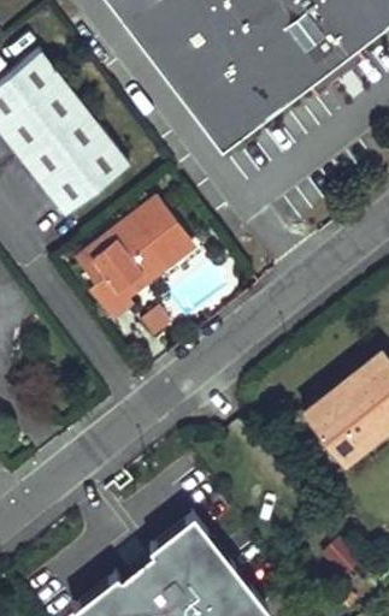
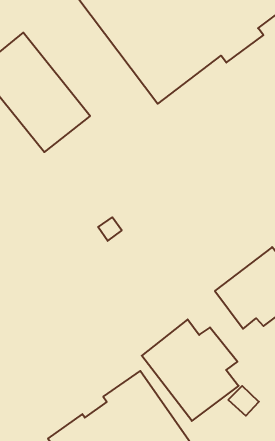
building: [82,201,194,316] -> none
building: none -> [142,319,239,421]

